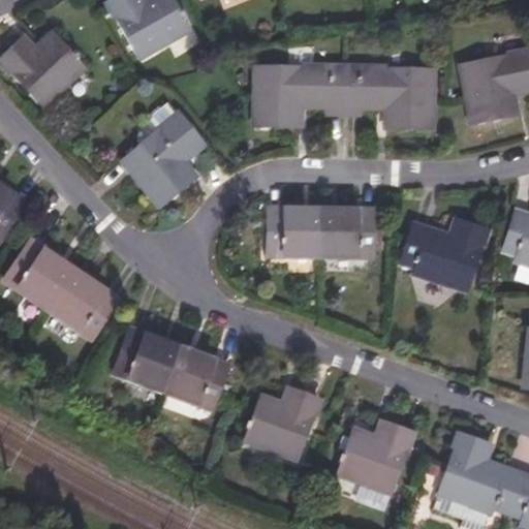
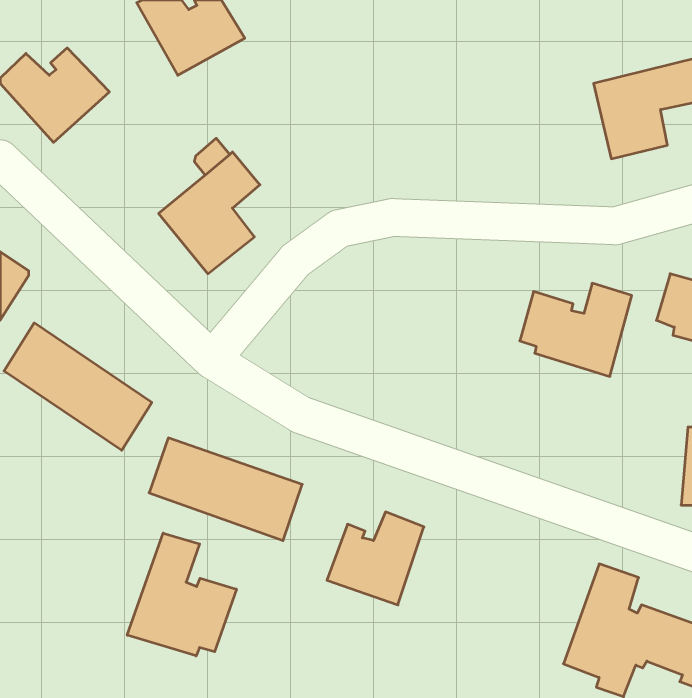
building: [249,68,426,130] -> none
building: [271,210,377,254] -> none
building: none -> [127,533,236,656]
building: [339,417,411,486] -> none

